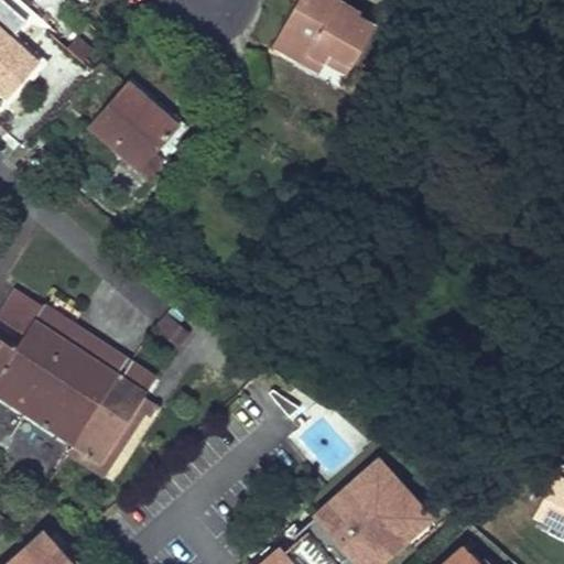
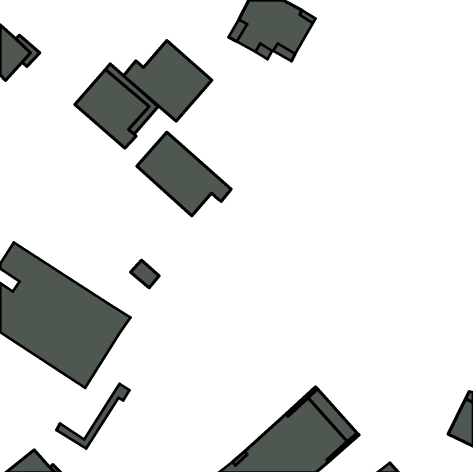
building: none -> [124,40,212,121]
building: none -> [137,132,231,216]
building: [68,397,155,474] -> [56,384,130,449]

